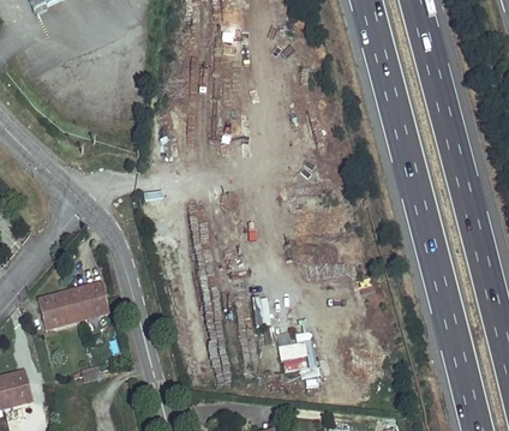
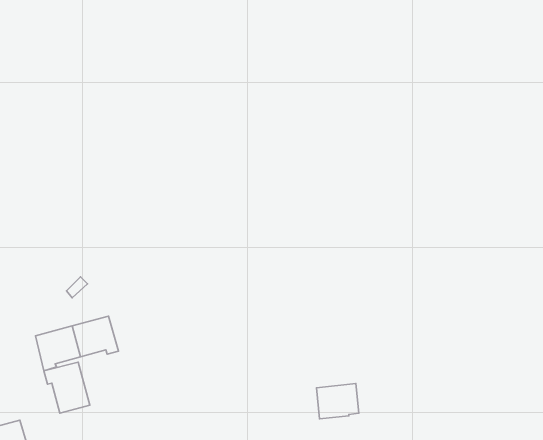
building: none -> [44,362,90,413]

